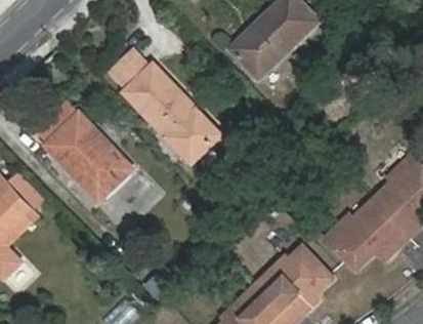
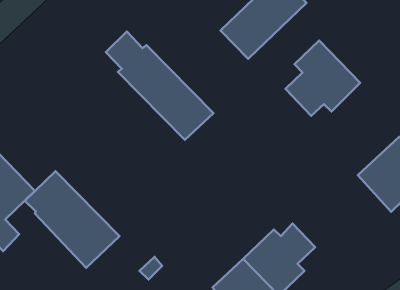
building: none -> [286,40,360,116]
building: [35,100,133,201] -> [25,171,120,268]
building: [329,199,407,265] -> none

